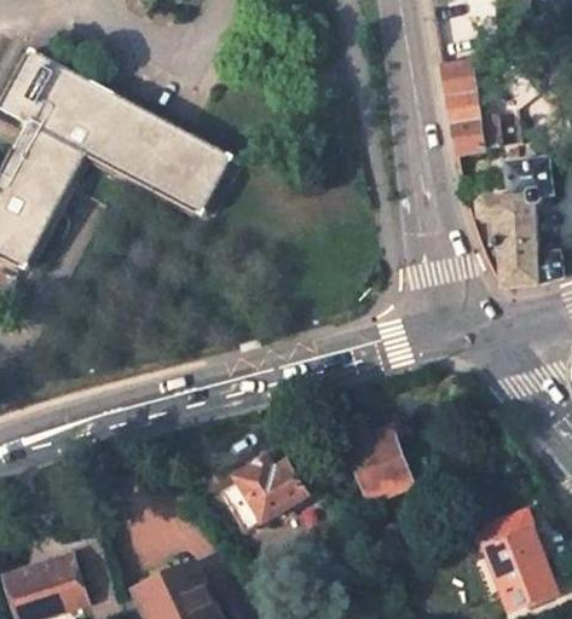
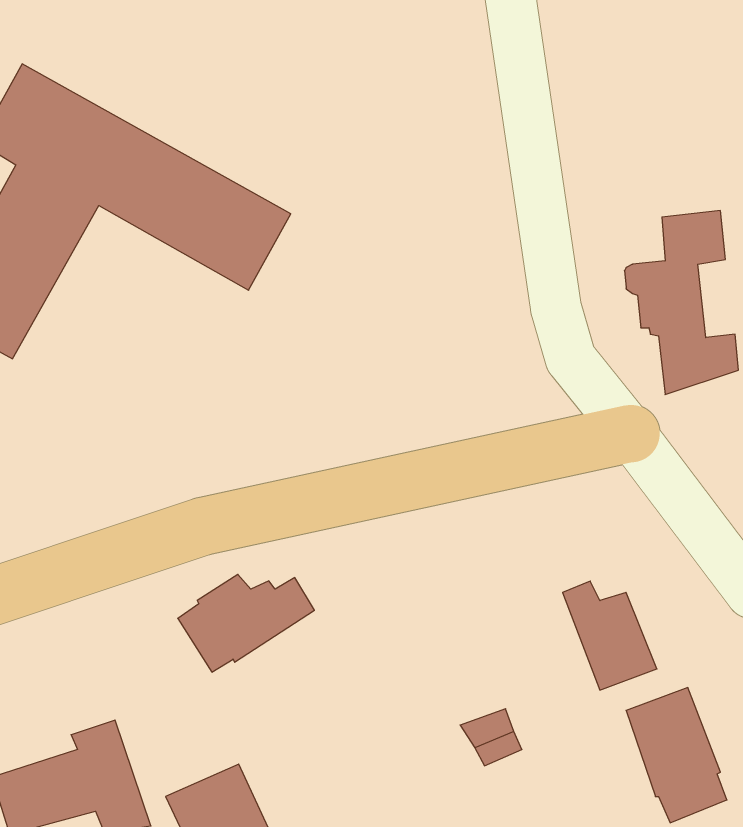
building: [440,59,499,151] -> none
building: [341,421,411,502] -> [563,581,657,690]
building: [220,459,322,532] -> [178,574,314,672]

